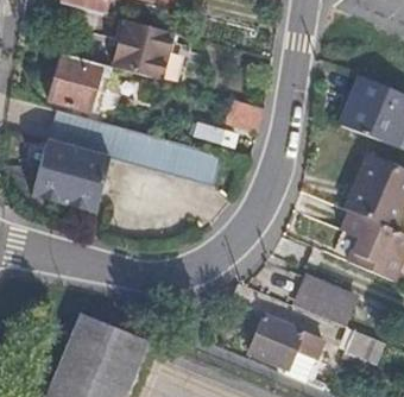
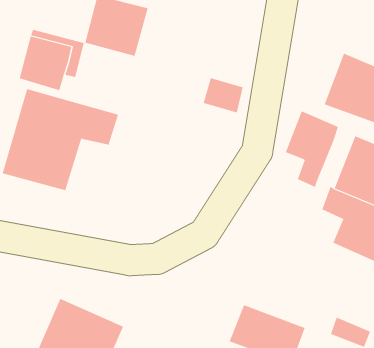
building: none -> [285,110,338,188]
building: [134,136,225,187] -> none
building: [301,279,361,329] -> none

